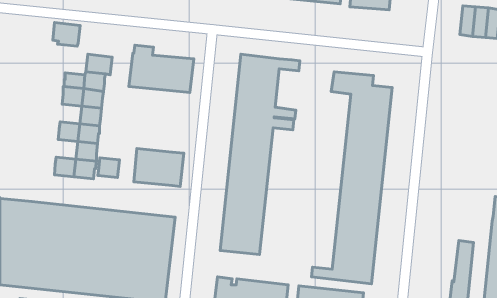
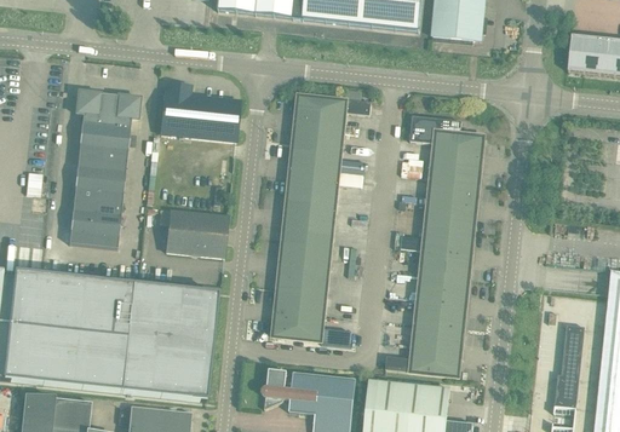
building: [53,23,80,46] -> [75,90,109,119]
building: none -> [75,155,102,179]
building: [98,158,120,178] -> [70,198,97,223]

